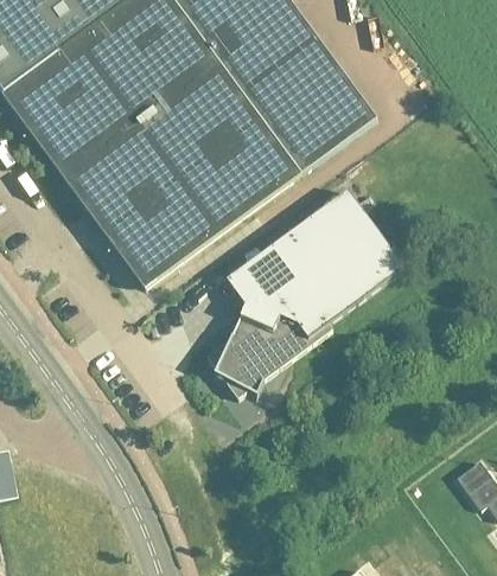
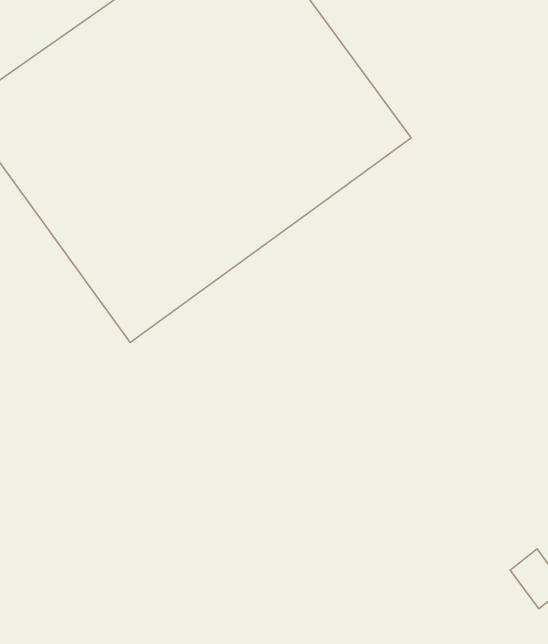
building: [208,187,406,396] -> none

